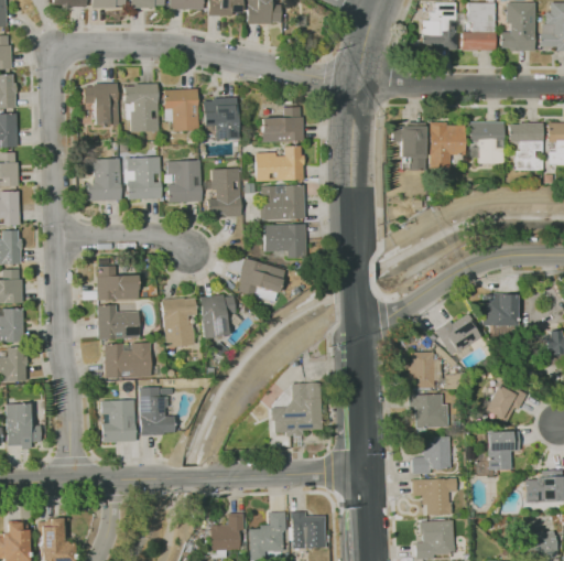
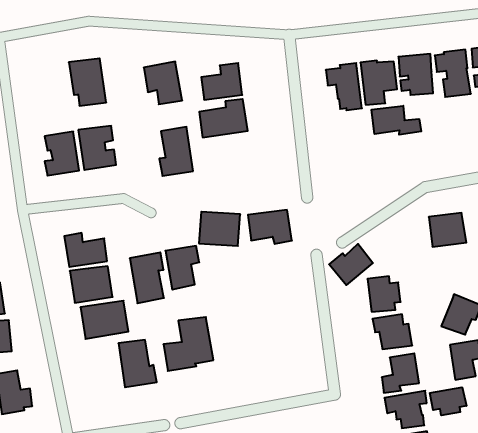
building: [83,83,118,126] -> none
building: [163,88,197,131] -> none
building: [165,160,200,202] -> none
building: none -> [372,106,421,135]
building: [261,184,304,219] -> none
building: [263,224,306,258] -> [248,210,292,244]
building: [435,312,481,354] -> [329,244,373,285]
building: [271,382,322,434] -> [163,317,213,371]
building: [100,399,135,442] -> none
building: none -> [430,387,466,415]

